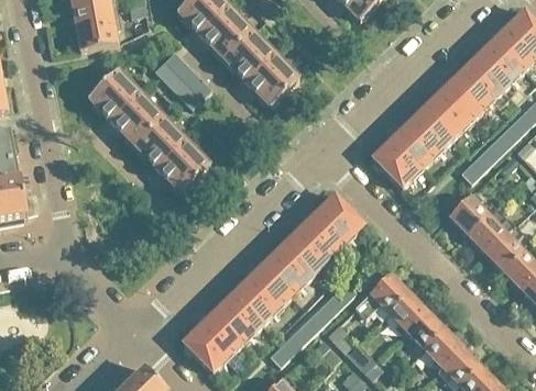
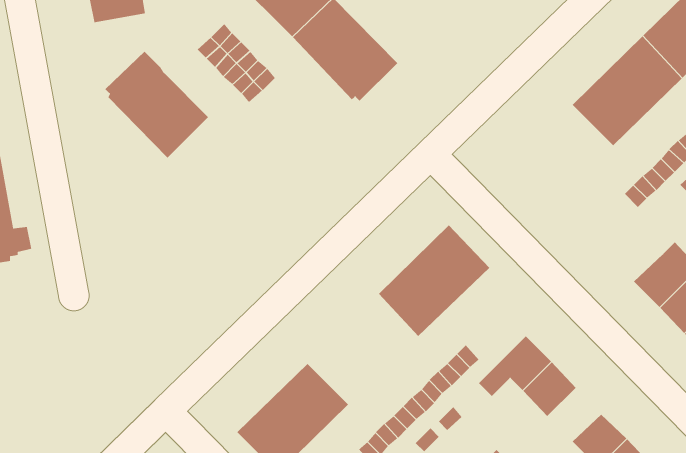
building: [372,108,452,187] -> none
building: [133,116,209,192] -> none
building: [448,190,488,234] -> none
building: [233,243,313,322] -> none
building: [405,310,444,348] -> none

